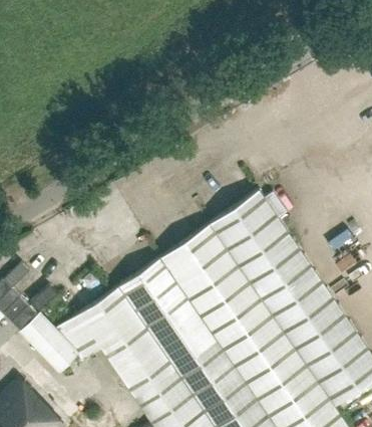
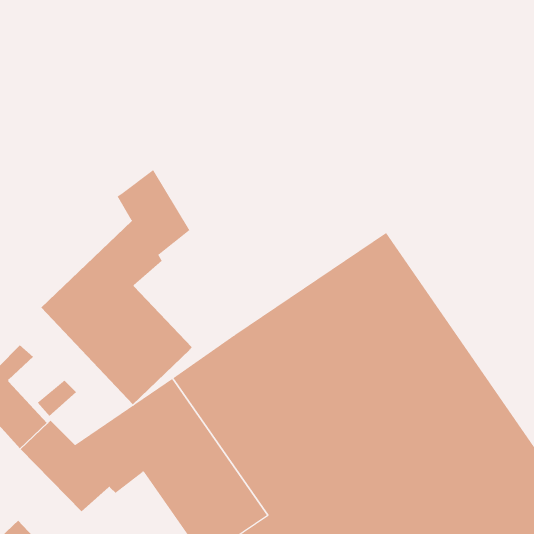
building: none -> [40,169,192,405]

